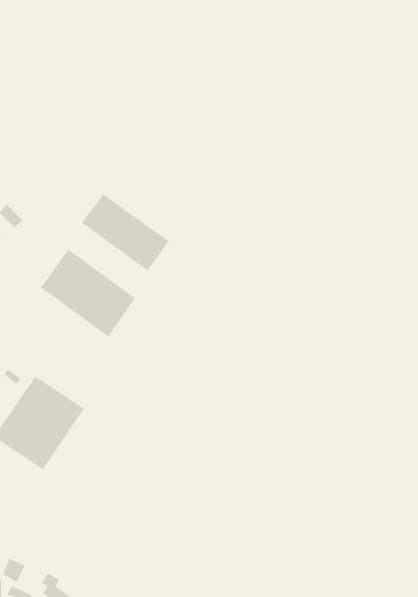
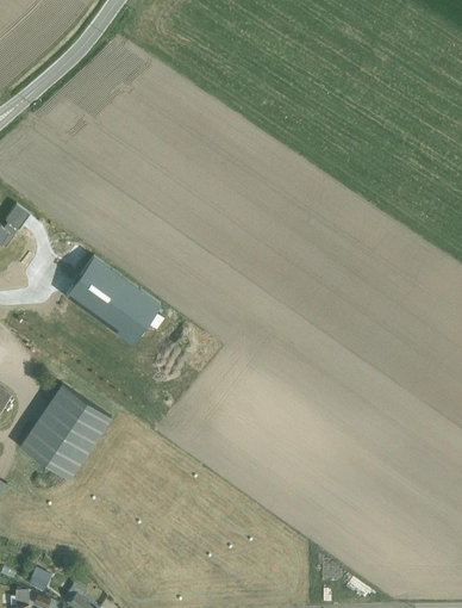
building: [81,194,170,272] -> none

